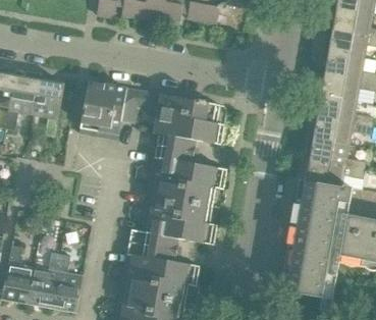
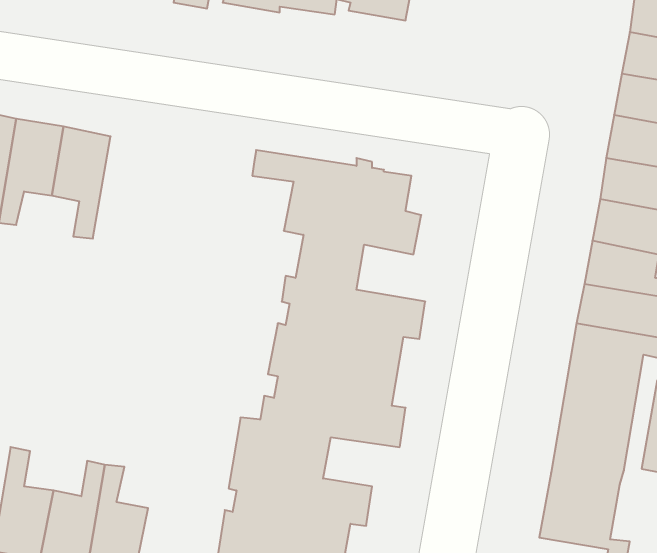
building: [77,83,137,141] -> none

